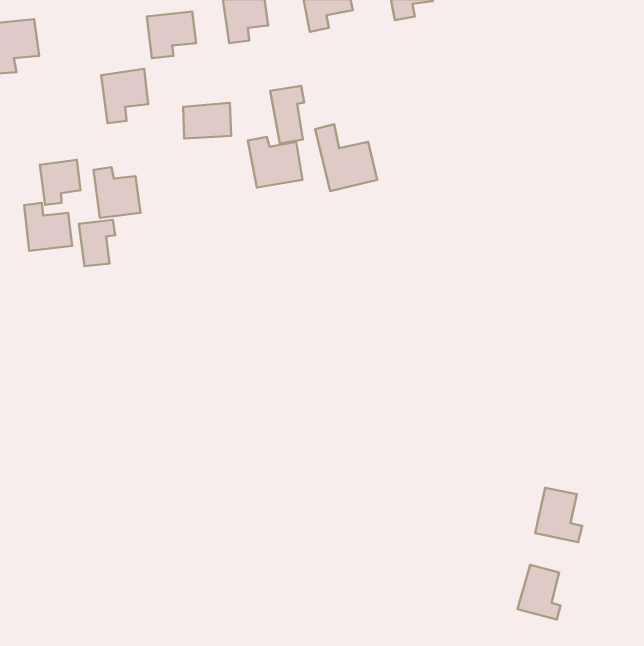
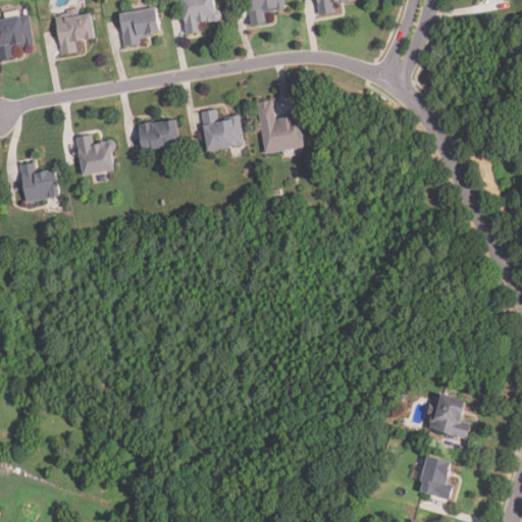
building: [101,69,148,123] -> [55,11,93,55]
building: [270,86,304,143] -> none
building: [183,103,231,138] -> [139,120,177,149]
building: [40,160,81,205] -> none
building: [79,220,115,266] -> none

